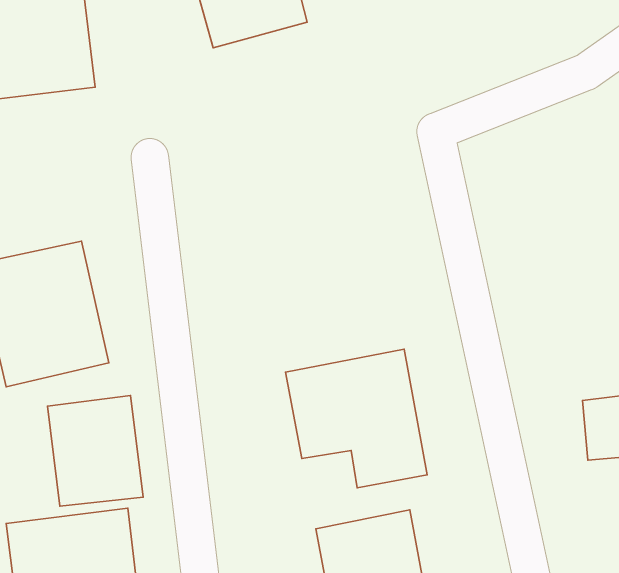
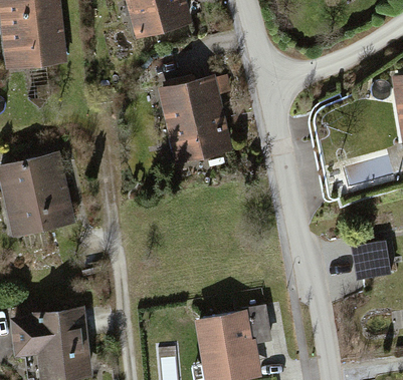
building: none -> [157,76,231,165]
building: [286,349,427,488] -> none
building: [47,395,143,506] -> none

